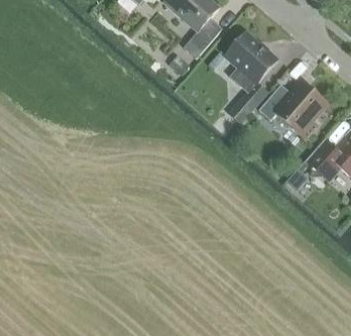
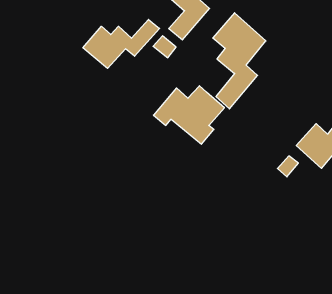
building: none -> [83,19,160,68]
building: [258,82,327,138] -> [153,86,224,144]

